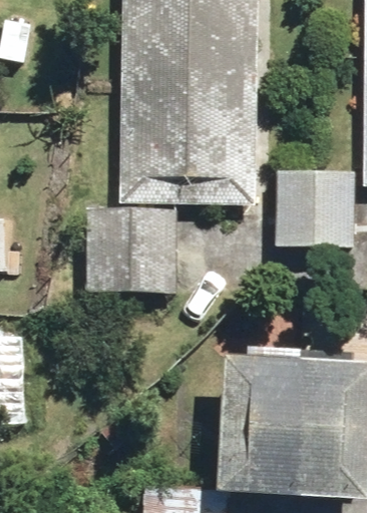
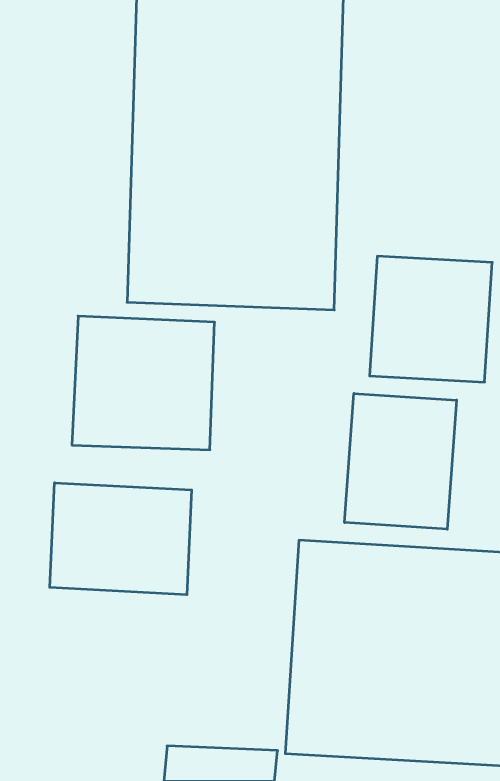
building: none -> [345,393,457,529]
building: none -> [50,483,192,595]

